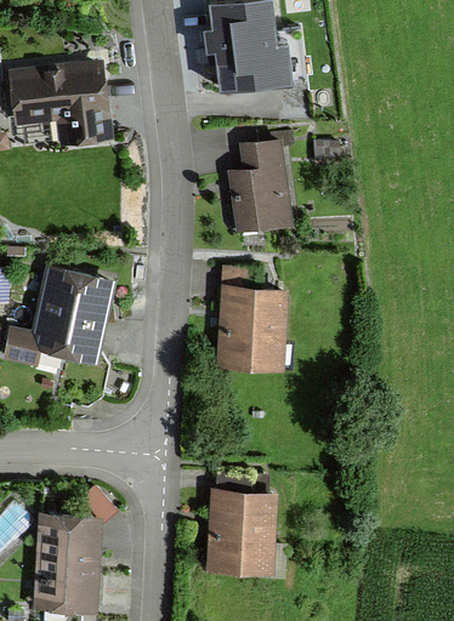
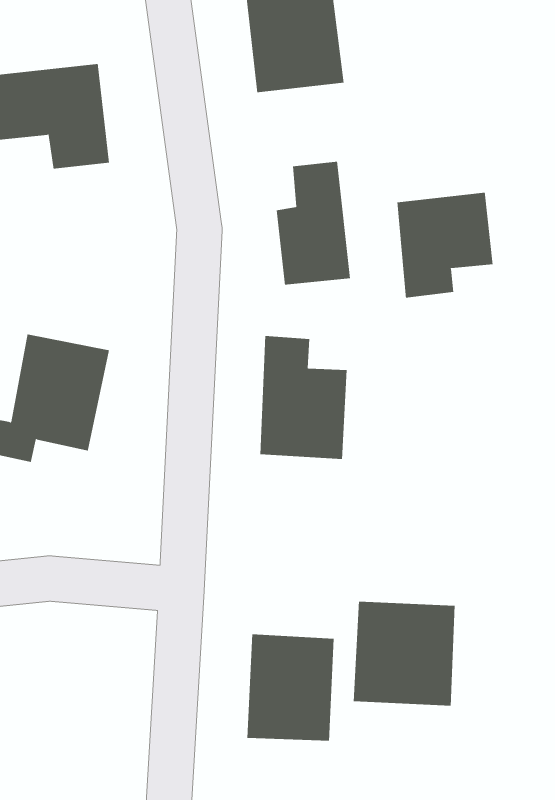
building: none -> [397,192,493,299]
building: none -> [353,601,455,707]
building: [36,517,100,610] -> none

